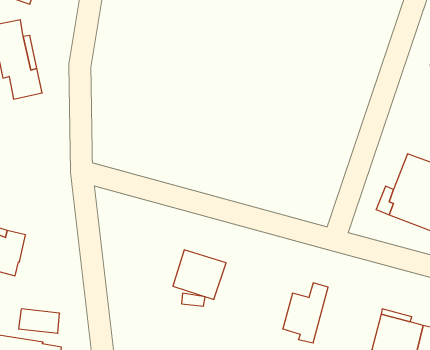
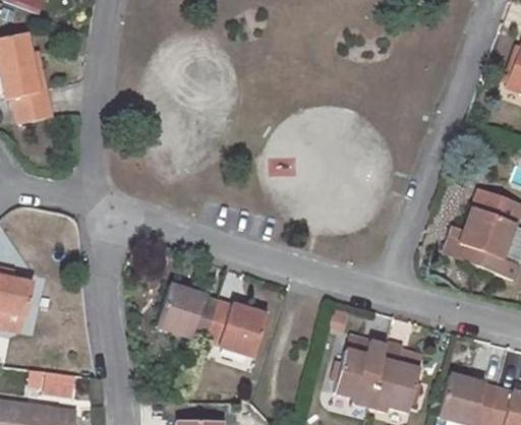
building: none -> [156,283,219,342]
building: none -> [369,343,419,412]

